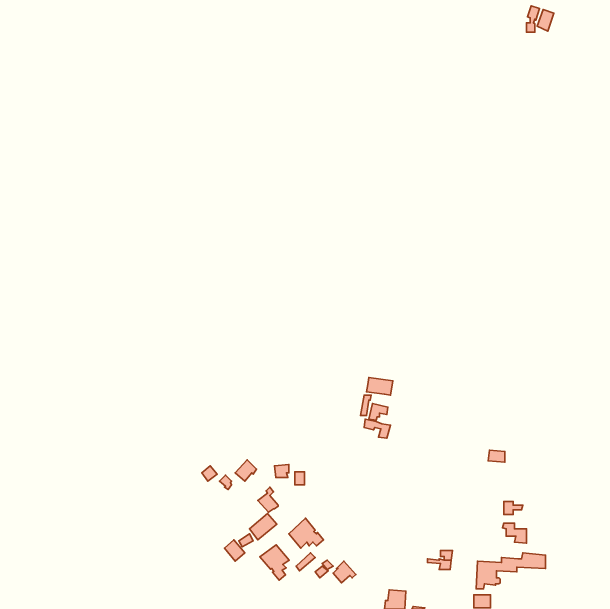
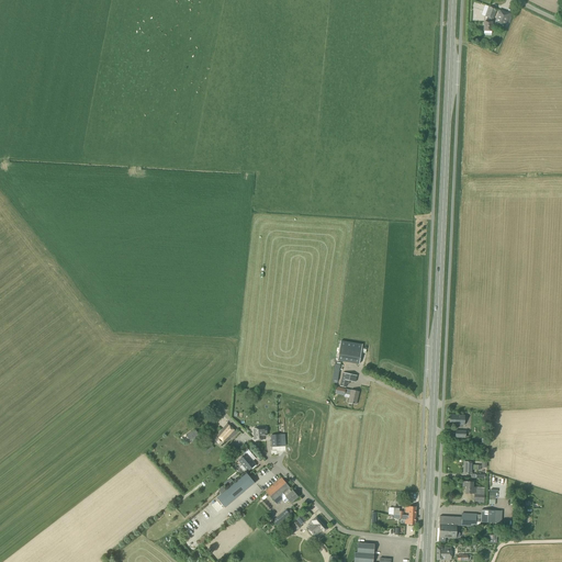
building: [260,545,289,580] -> none

